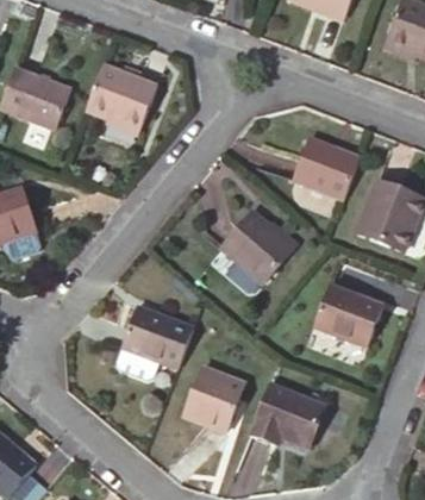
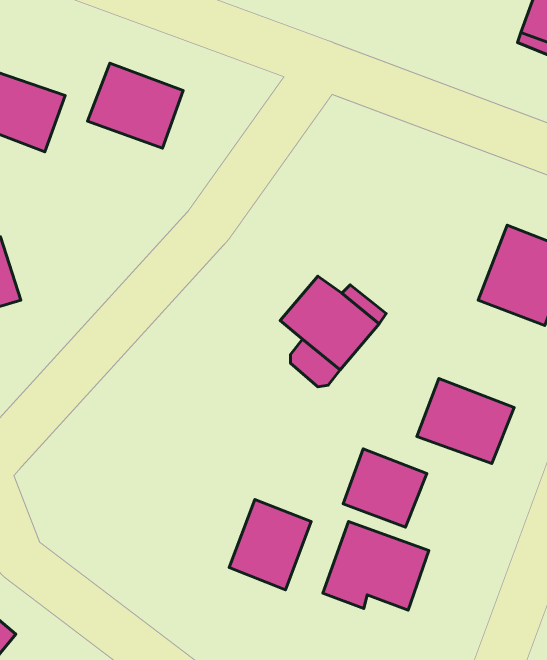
building: [294,137,360,195] -> none
building: [117,306,192,377] -> none
building: none -> [343,449,427,527]

